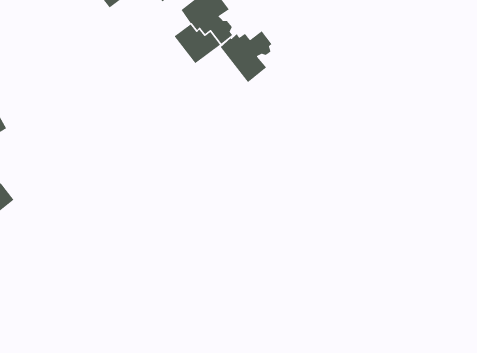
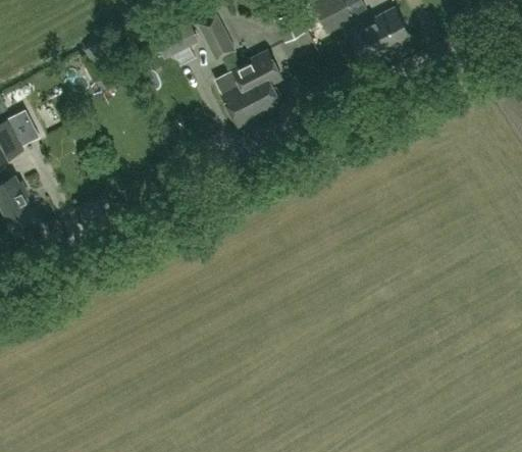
building: [220,30,273,83] -> none

